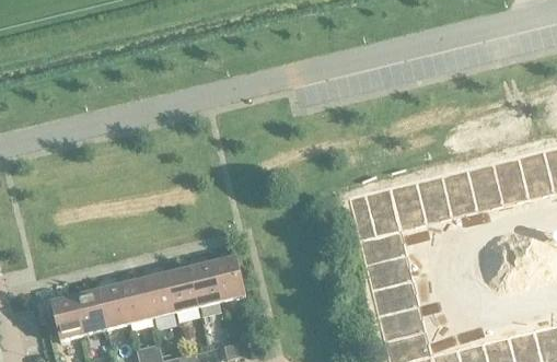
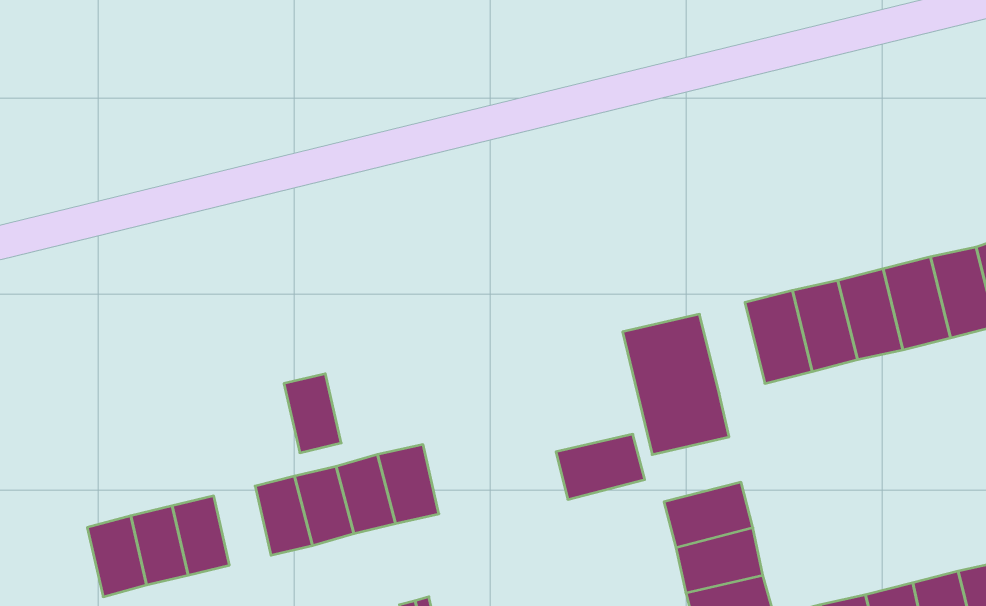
building: [391,178,427,229] -> none
building: [364,253,414,289] -> [556,434,645,499]
building: [121,280,153,324] -> [284,374,341,453]

